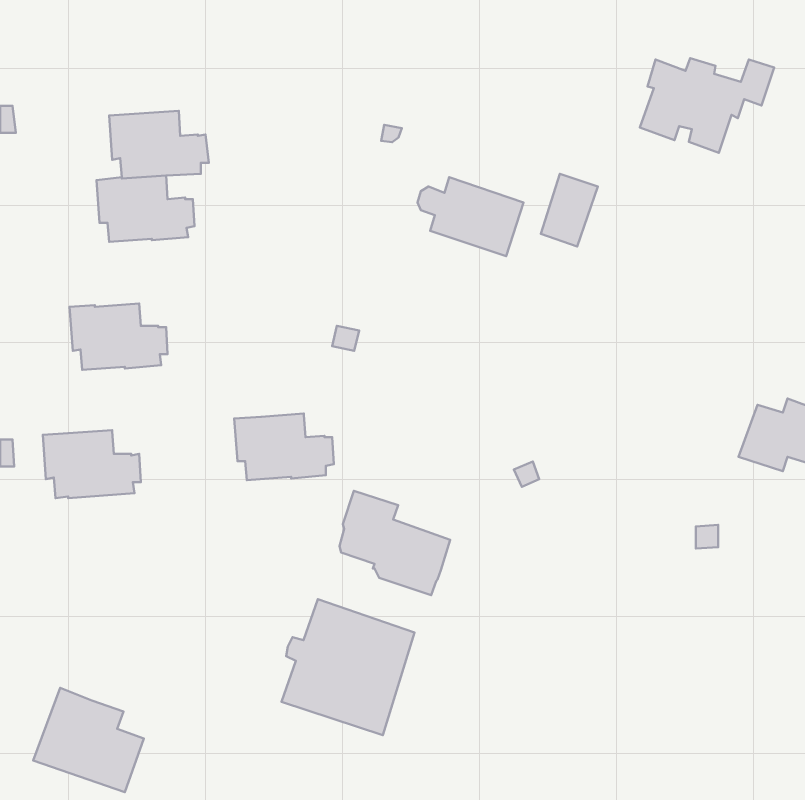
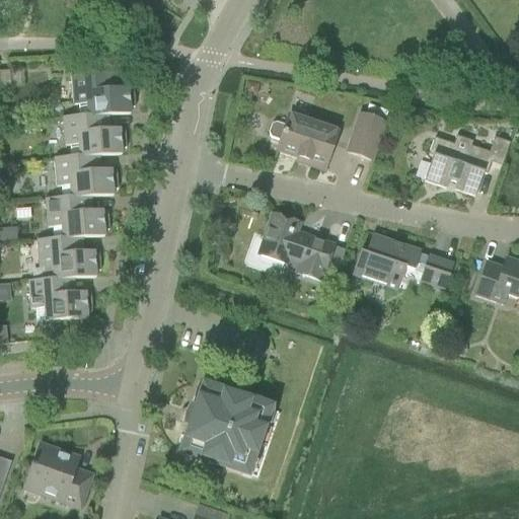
building: [640,58,774,153] -> [425,134,511,195]
building: none -> [55,153,119,197]
building: none -> [353,233,454,289]
building: [234,414,334,480] -> [38,235,101,278]
building: [340,491,450,595] -> [264,212,335,279]

